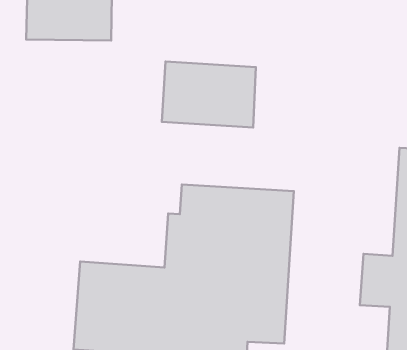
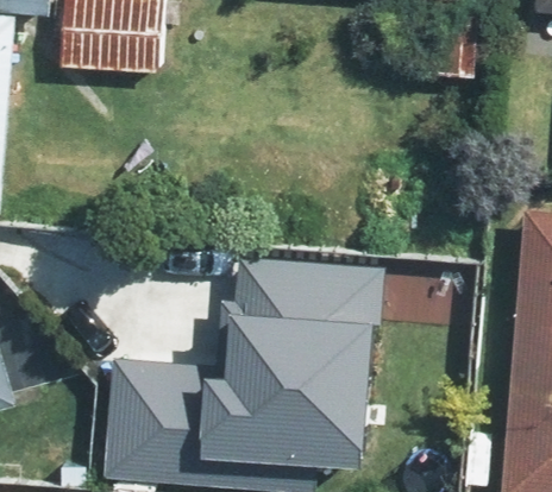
building: [162,62,256,128] -> none

